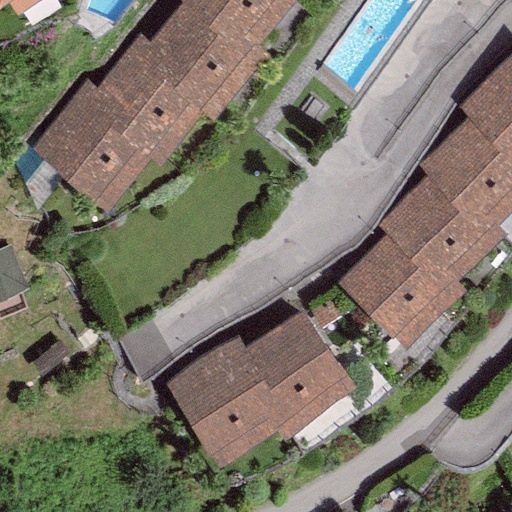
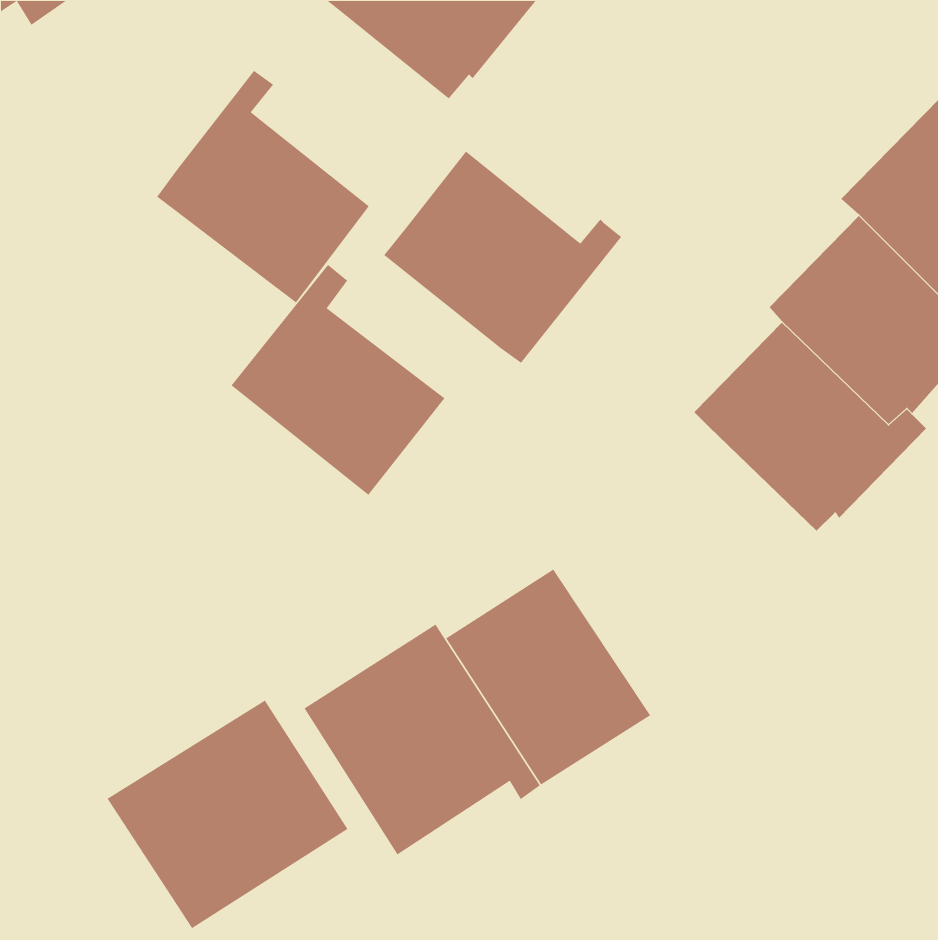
building: [138,4,268,120] -> [383,150,622,364]
building: [33,83,150,209] -> [230,264,446,496]
building: [336,232,465,350] -> none
building: none -> [107,699,349,929]

